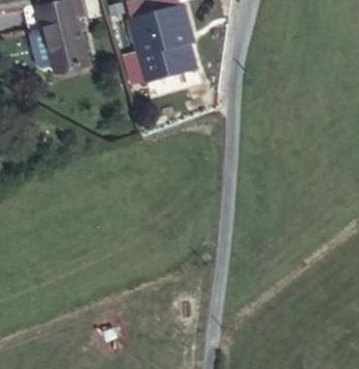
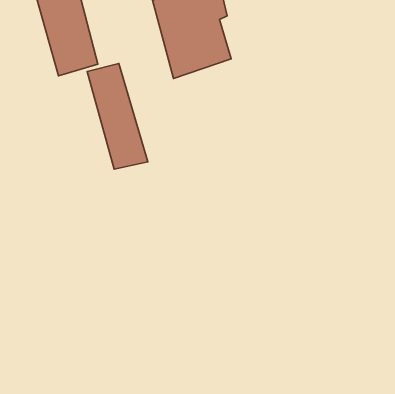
building: none -> [87,64,148,169]

